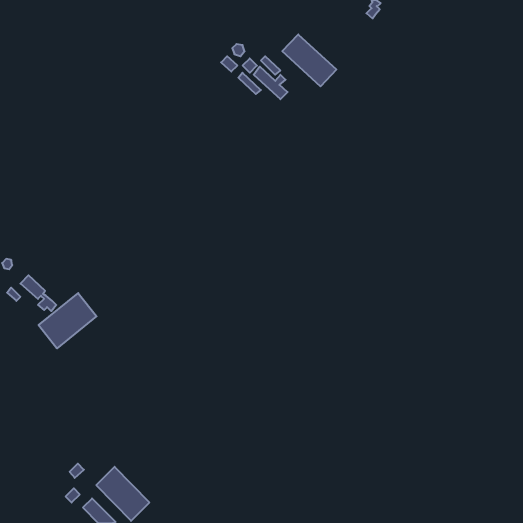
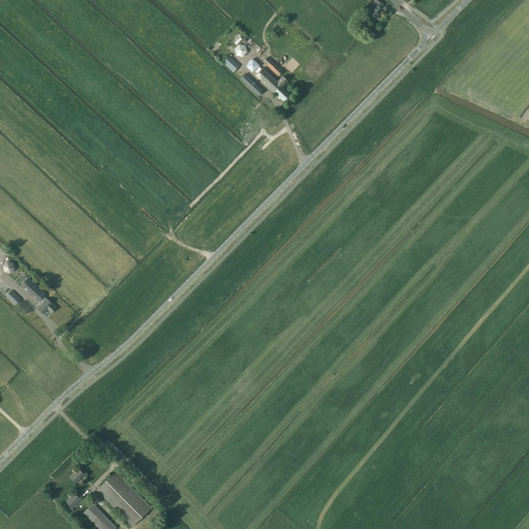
building: [282,34,336,86] -> none
building: [39,293,97,348] -> none

